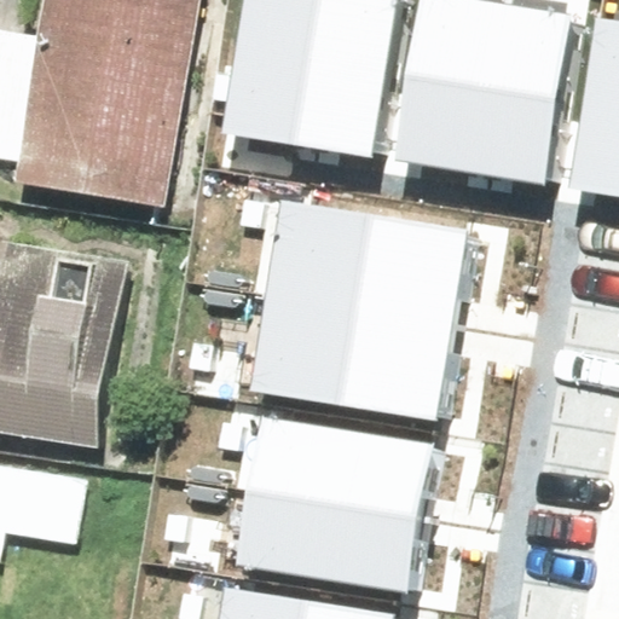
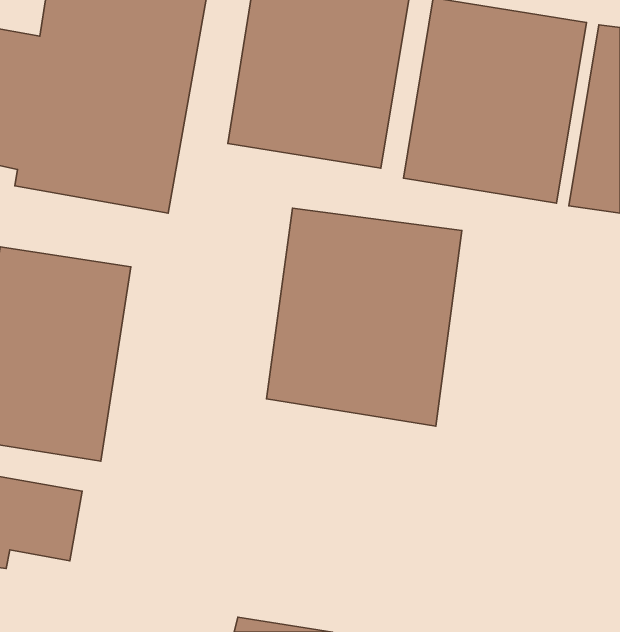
building: [241,412,428,590] -> none

